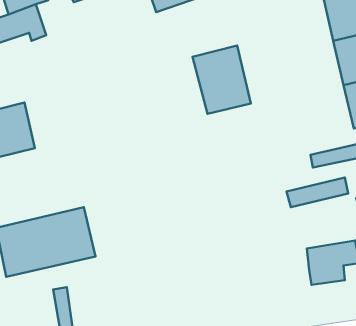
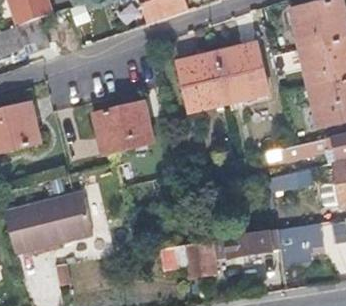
building: none -> [216,42,268,103]
building: none -> [93,103,154,155]
building: none -> [161,230,279,277]

